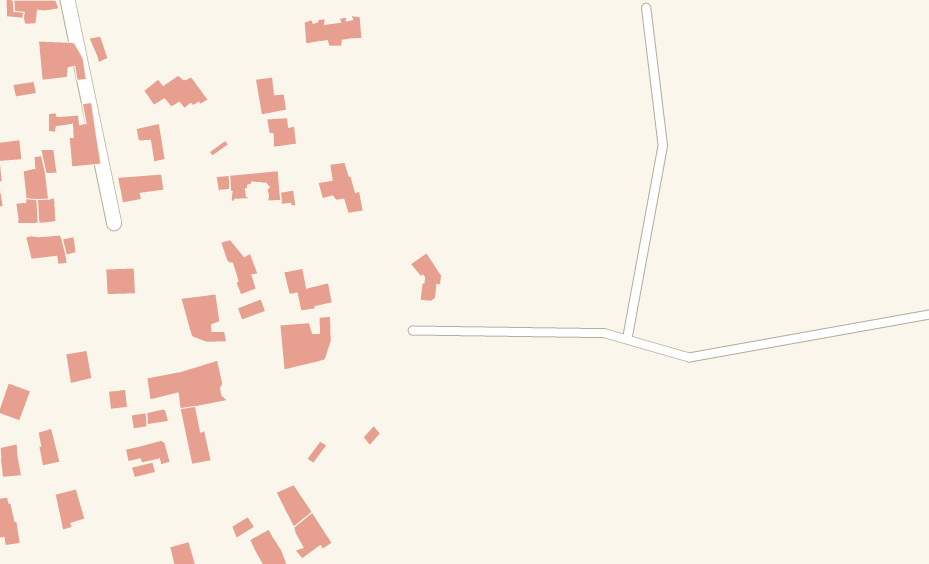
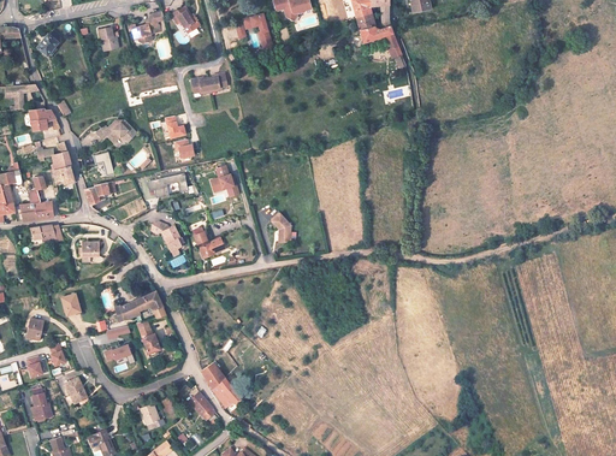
building: [181,294,226,343] -> none
building: [280,316,331,370] -> none

